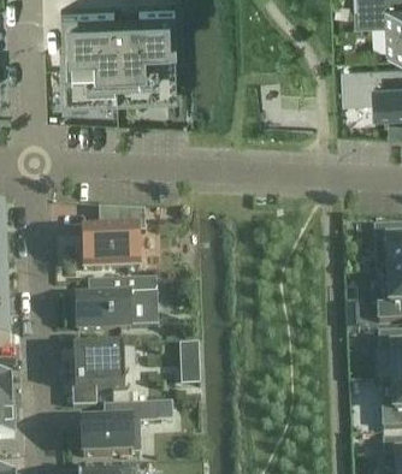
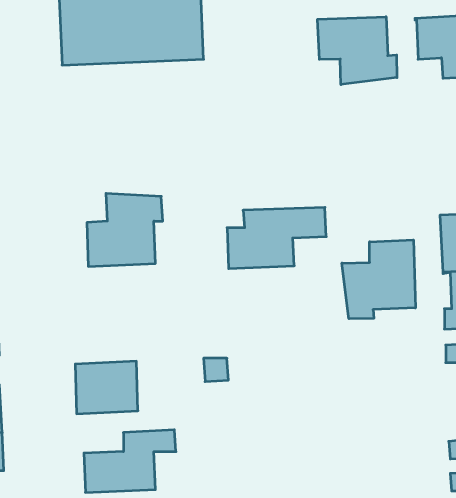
building: none -> [318,17,397,85]
building: none -> [342,240,415,319]
building: [76,278,158,328] -> [227,207,326,269]

